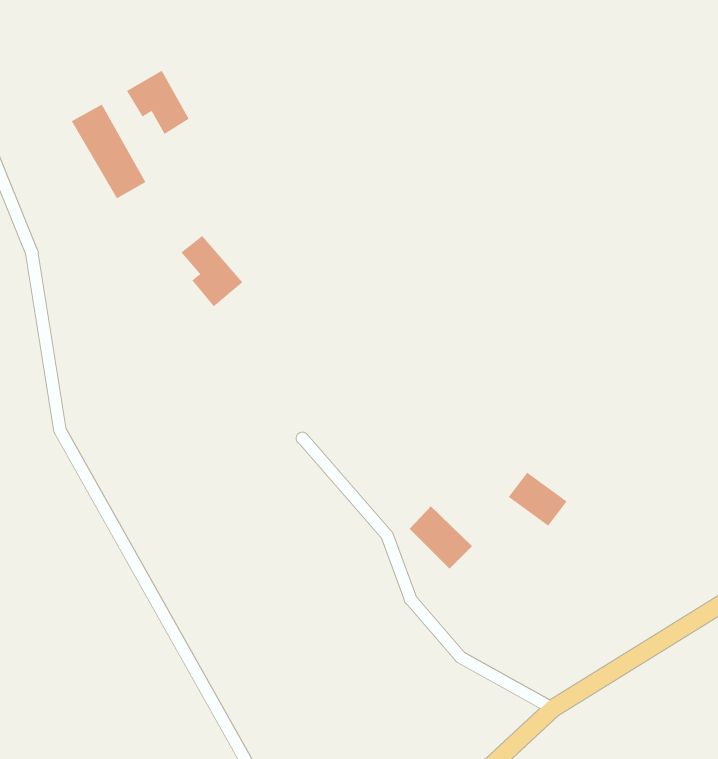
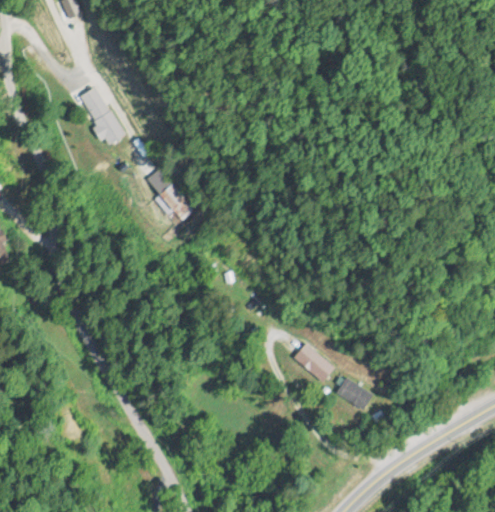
building: [126,70,189,135] -> none
building: [508,472,567,527] -> [334,377,372,412]

